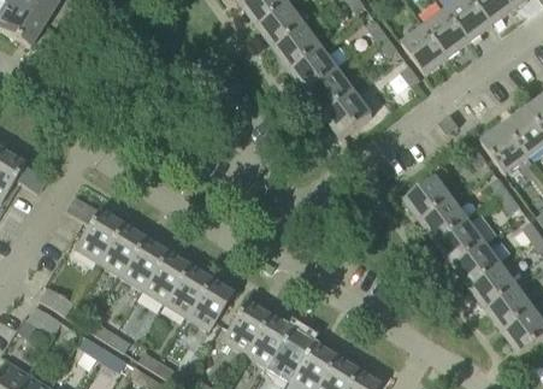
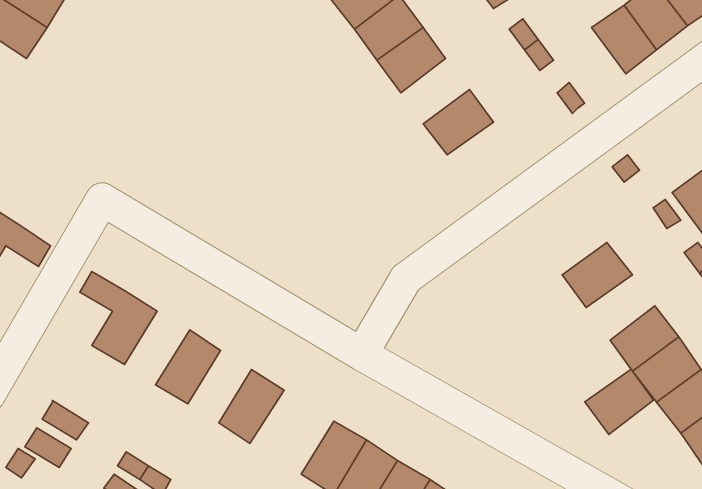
building: [402,24,449,73] -> none
building: [291,46,340,92] -> none
building: [324,90,373,136] -> none
building: [421,198,470,243] -> [585,369,654,435]
building: [98,223,143,275] -> none
building: [142,251,187,301] -> none
building: [185,278,232,330] -> none

